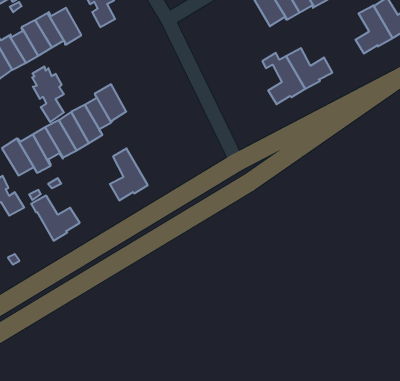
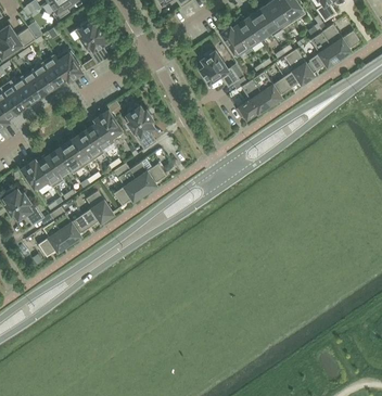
building: none -> [201,51,243,87]
building: none -> [283,49,314,89]
building: [32,67,64,122] -> [127,104,155,150]
building: none -> [129,162,166,192]
building: none -> [81,191,113,227]
building: none -> [38,220,69,257]

